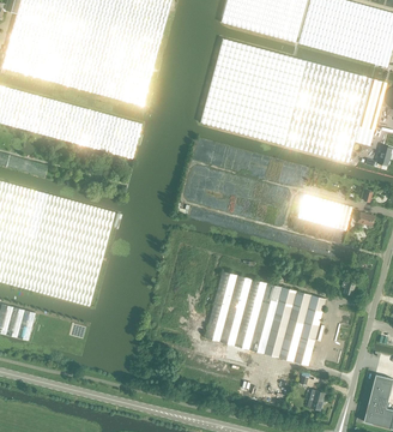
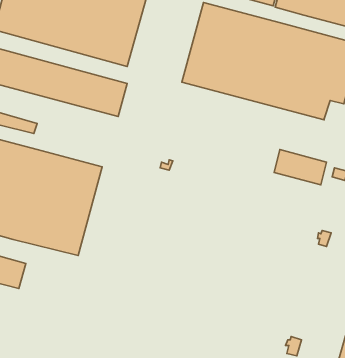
building: [205,271,327,366] -> none

